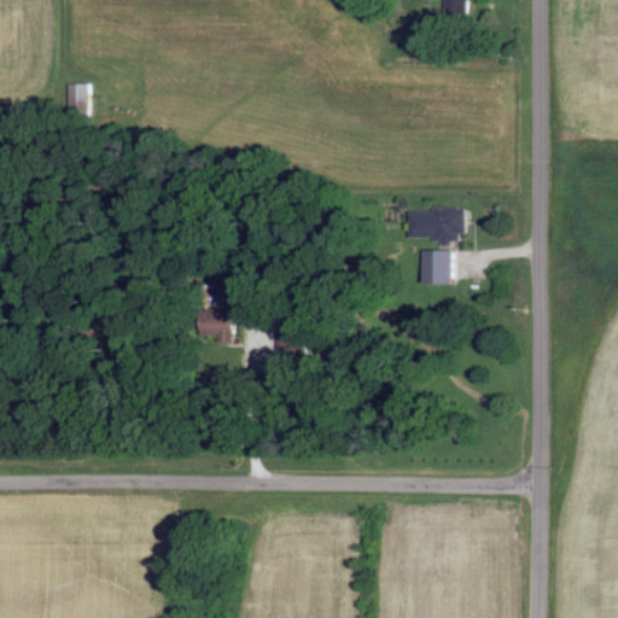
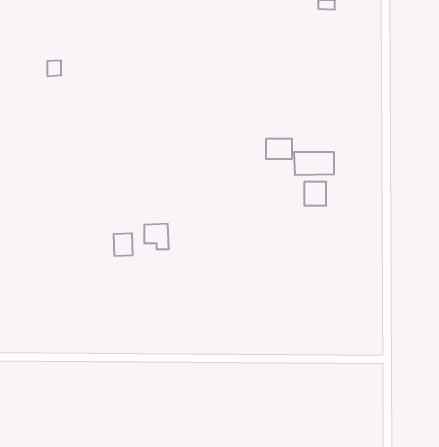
building: none -> [266,139,292,159]
building: none -> [114,233,133,256]

